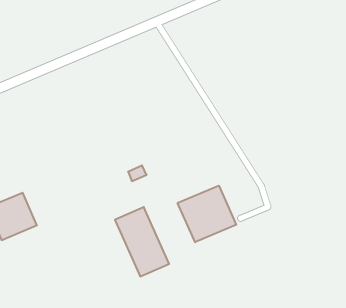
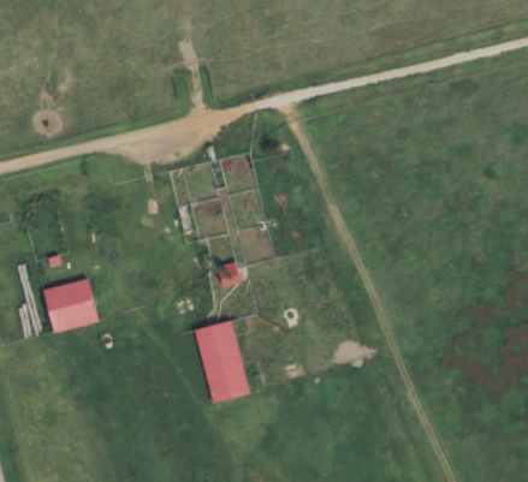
building: [178,186,236,242] -> none

